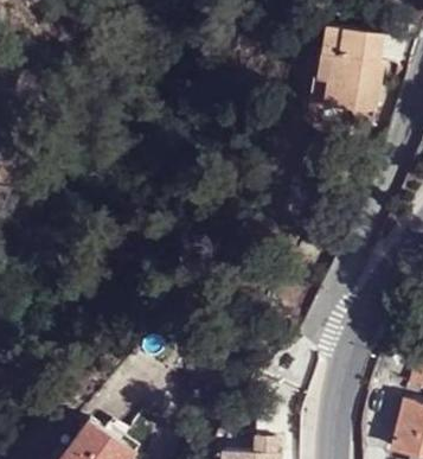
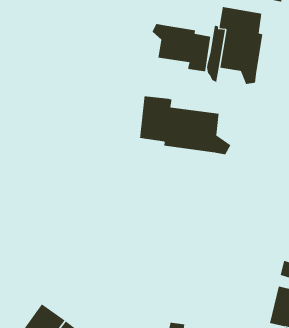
building: none -> [152,23,211,72]
building: none -> [139,95,231,155]

